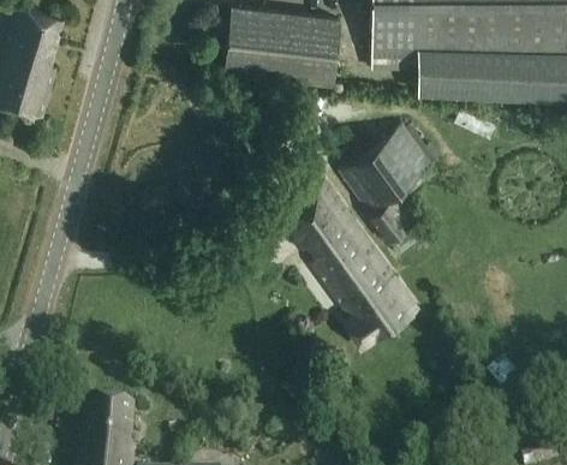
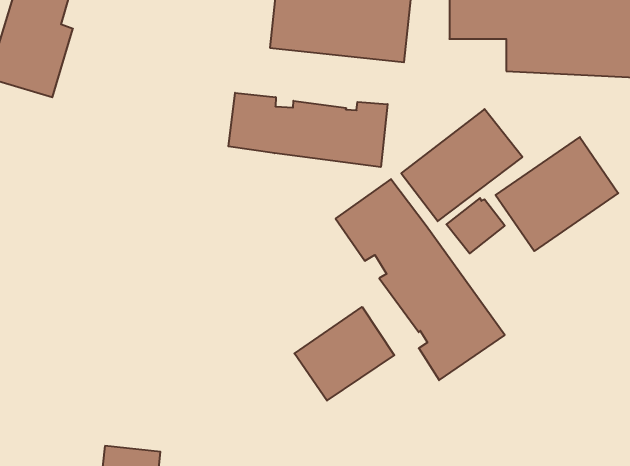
building: none -> [228,93,388,167]
building: none -> [496,137,618,251]
building: none -> [294,307,394,401]

